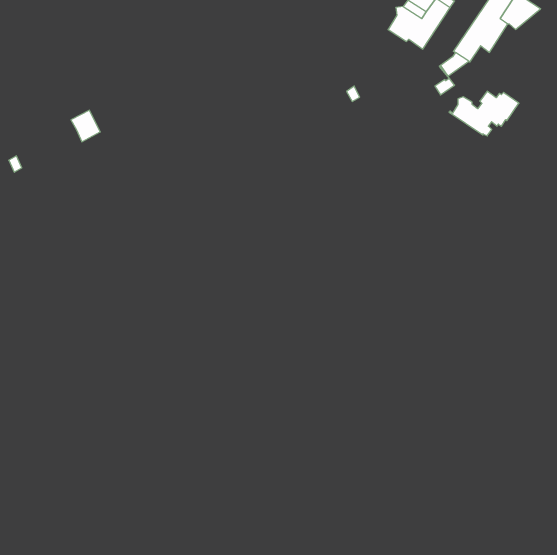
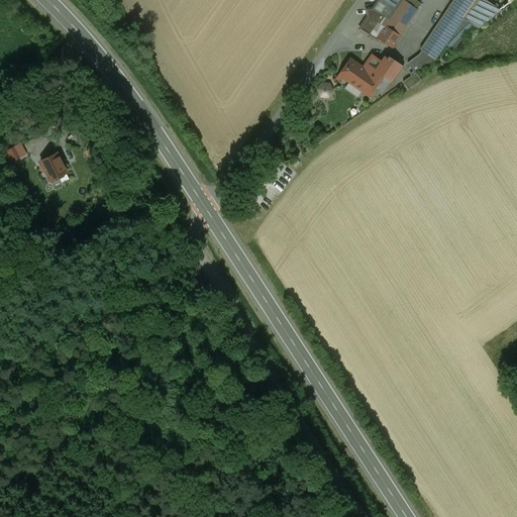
building: [449,91,519,136] -> [338,54,403,95]
building: [71,110,100,142] -> [40,150,68,180]

